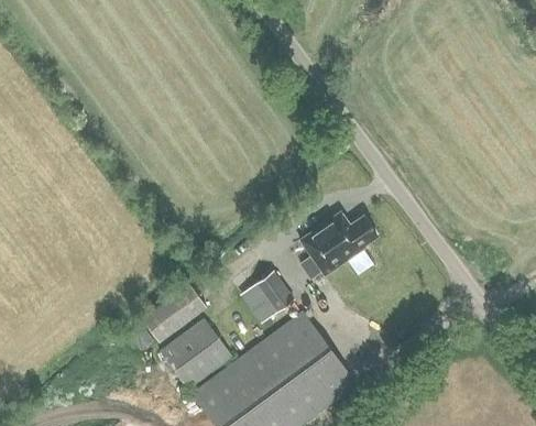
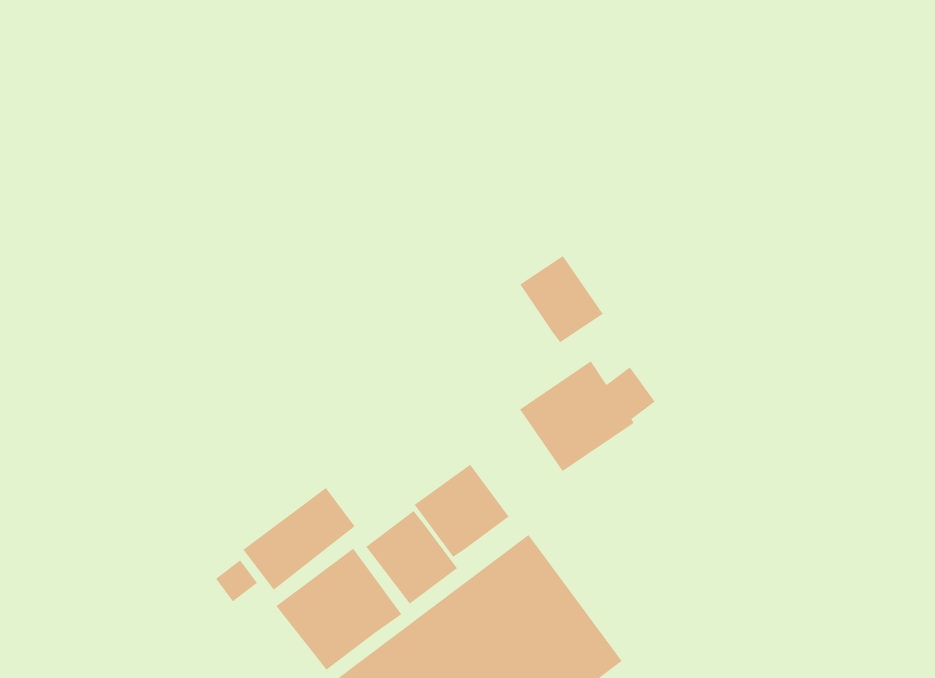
building: none -> [520,255,603,343]
building: none -> [365,510,458,604]

